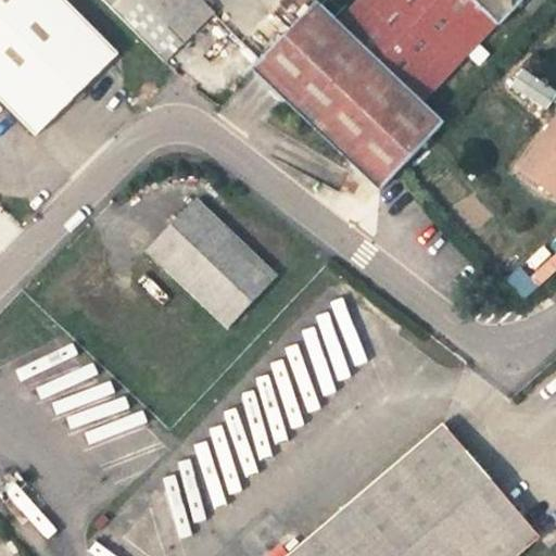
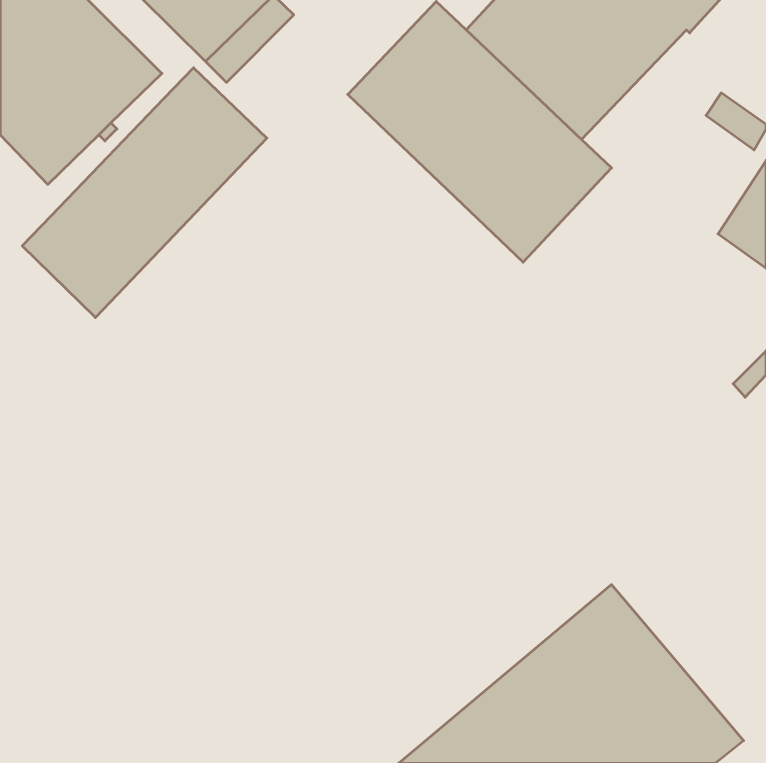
building: none -> [22,68,267,318]
building: [147,198,276,326] -> none

